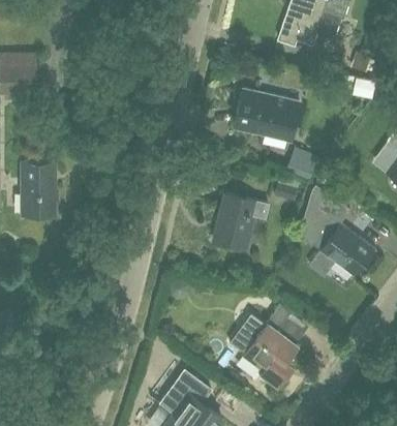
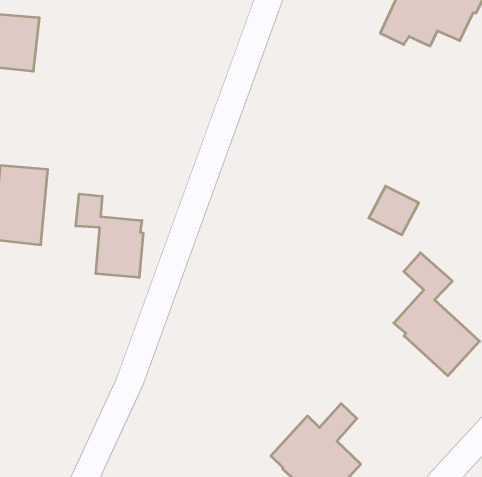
building: [233,90,299,140] -> none
building: none -> [76,194,143,278]
building: [213,194,254,250] -> none

